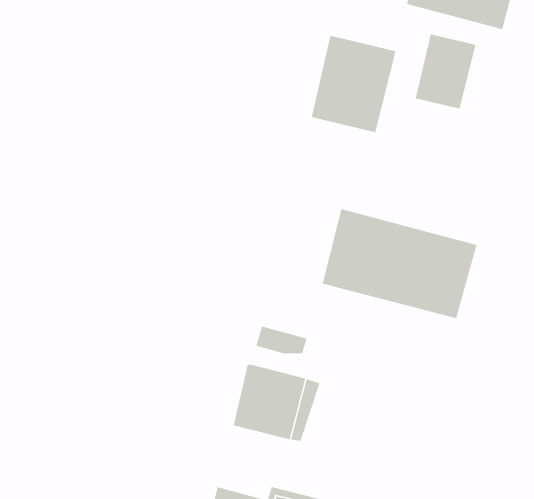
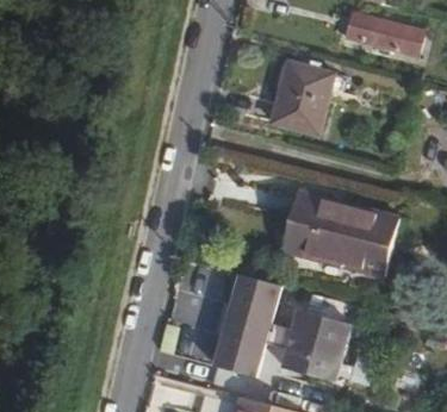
building: [415,34,476,109] -> none
building: none -> [285,311,350,381]

